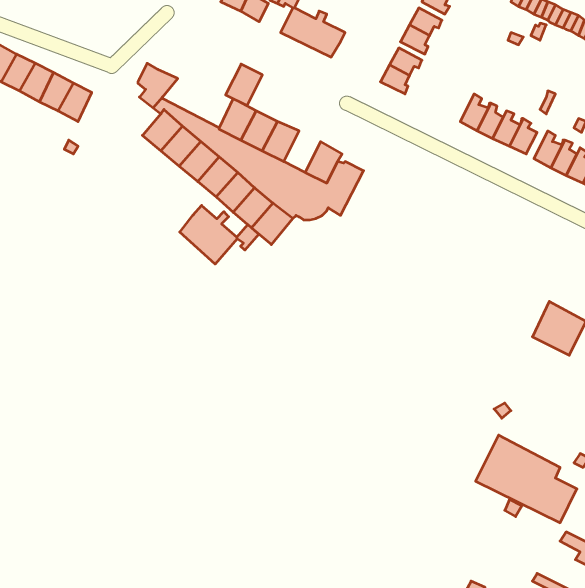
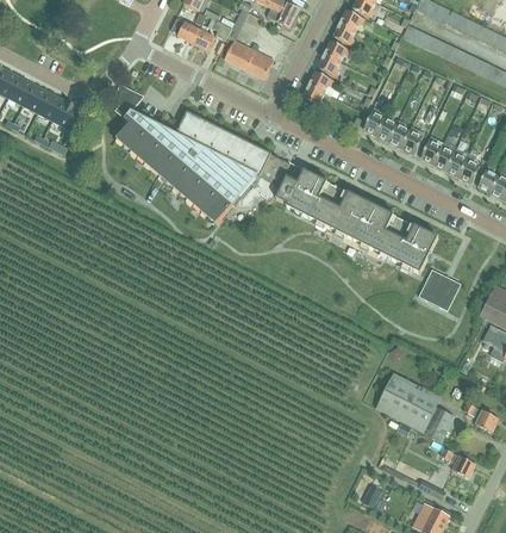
building: [226,64,262,106] -> [226,136,255,168]
building: none -> [276,169,438,273]
building: [180,205,259,264] -> none

